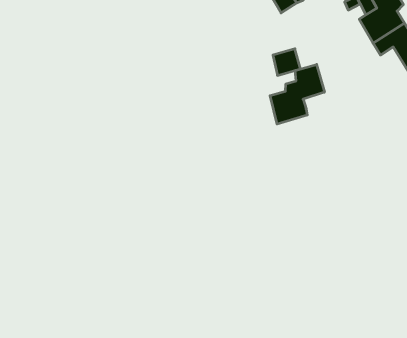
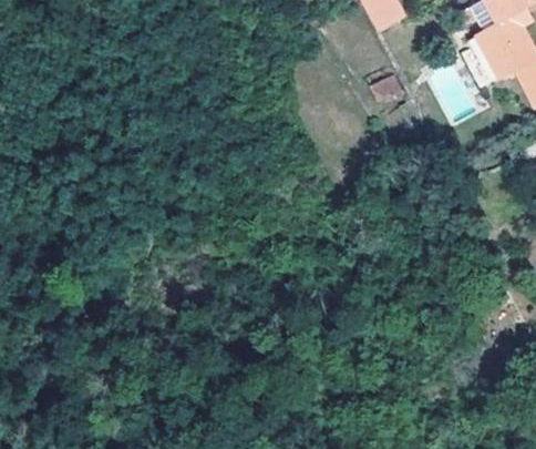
building: [270,64,324,124] -> none

